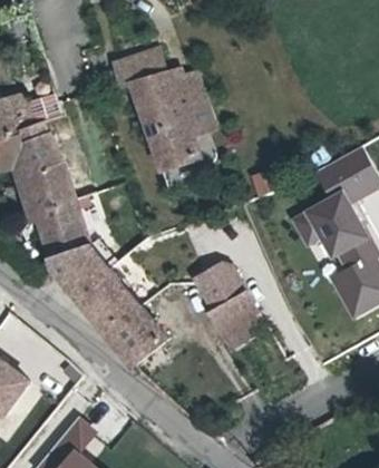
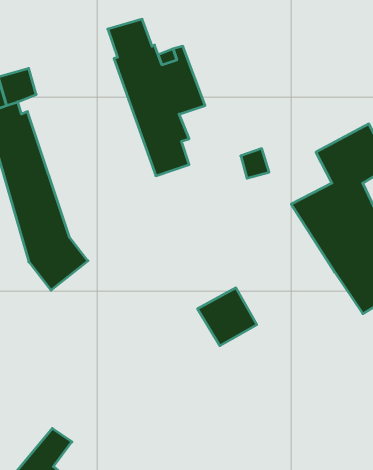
building: [192,262,243,311] -> none
building: [76,267,167,365] -> none

